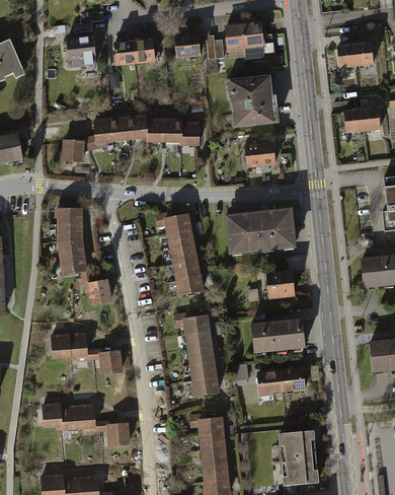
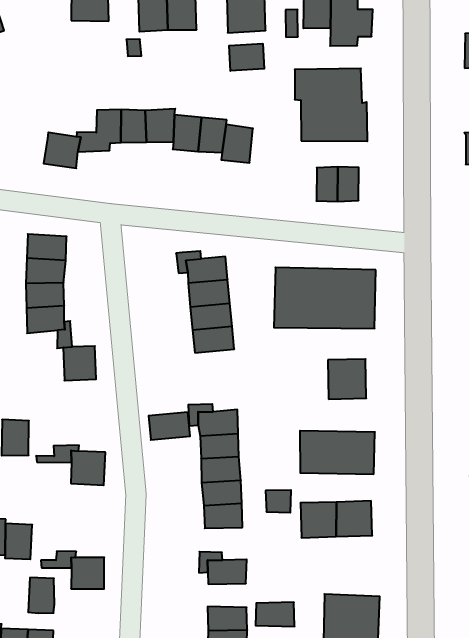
building: none -> [229,44,264,71]
building: [175,273,205,294] -> [149,412,190,440]
building: [68,333,87,358] -> none
building: [77,404,95,428] -> [28,578,54,613]
building: [200,430,227,448] -> [256,602,295,626]

